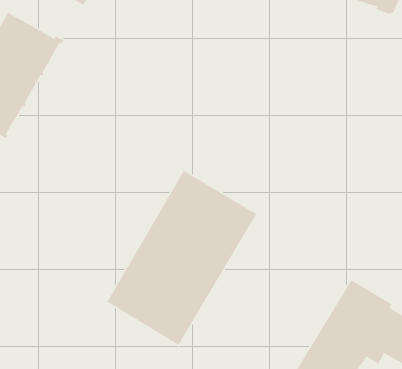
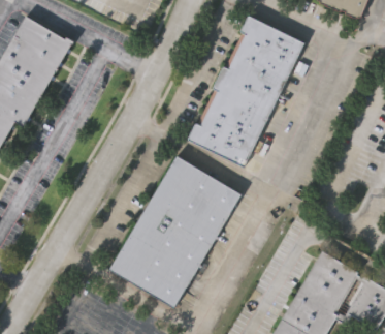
building: none -> [190,14,304,164]

